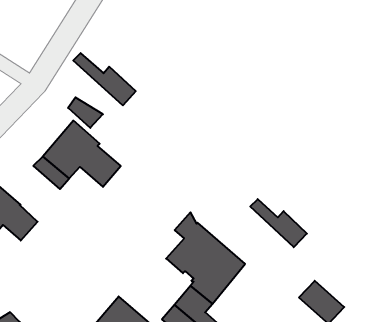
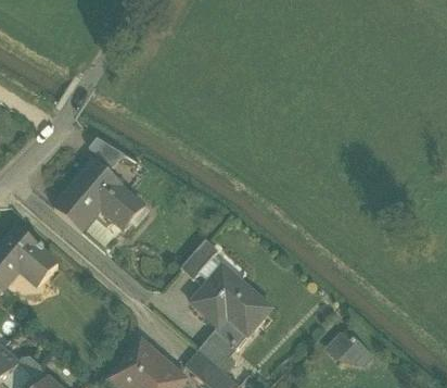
building: [73,53,136,105] -> none
building: none -> [180,237,218,278]
building: [250,199,307,247] -> none

